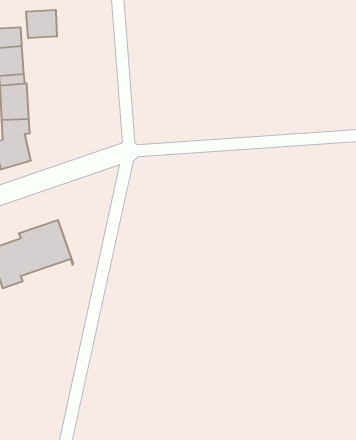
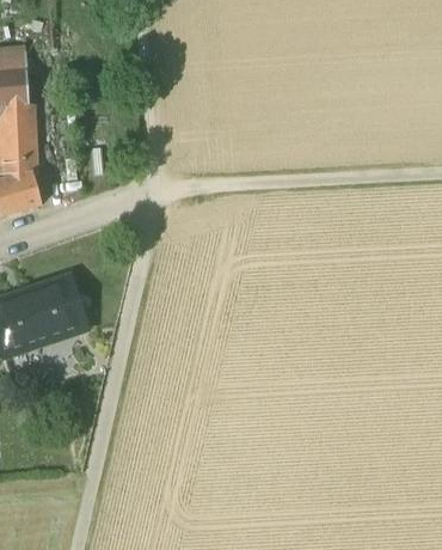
building: [26,10,57,38] -> none

